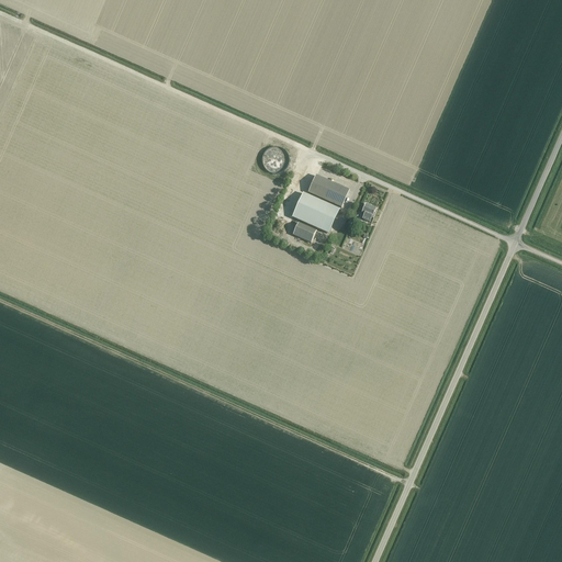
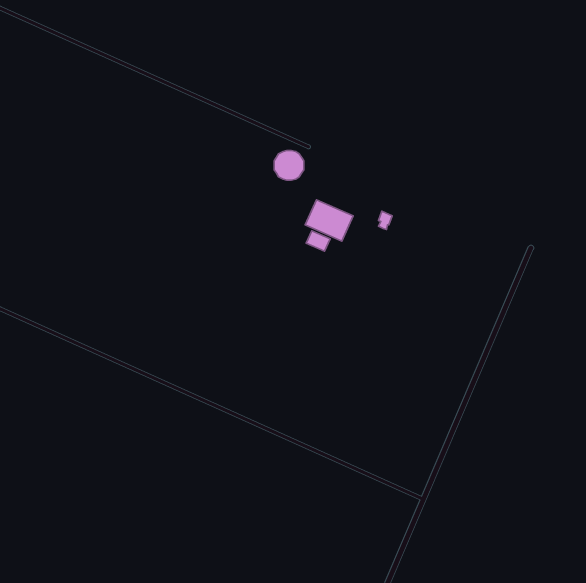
building: [308,173,349,205] -> none

